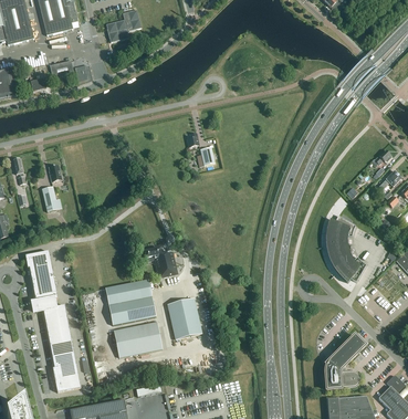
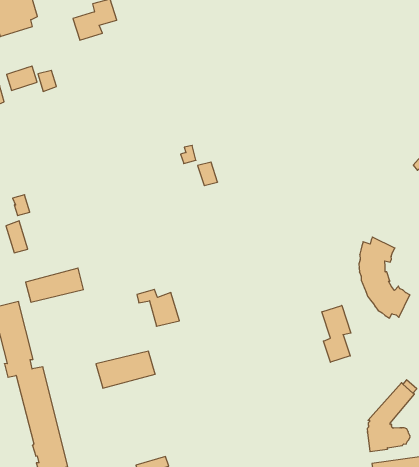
building: none -> [322,305,351,362]
building: [105,279,151,304] -> [26,268,83,302]
building: [167,297,202,338] -> none
building: [114,321,163,356] -> none

